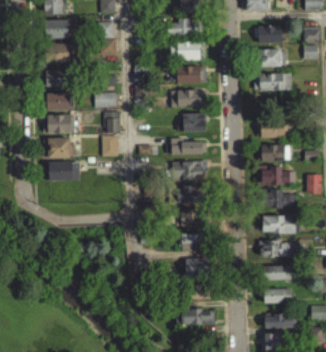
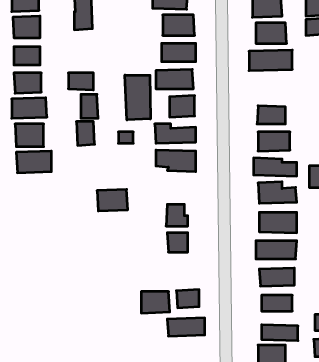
building: none -> [125,75,150,120]
building: [175,185,202,204] -> [97,189,128,211]
building: [185,258,210,277] -> [141,292,170,313]

